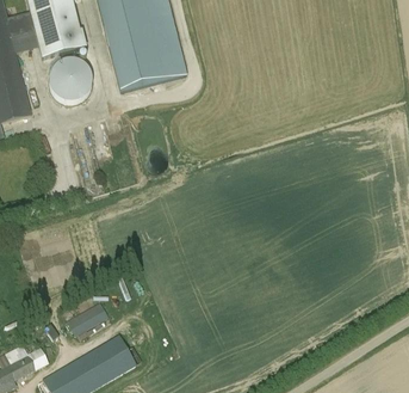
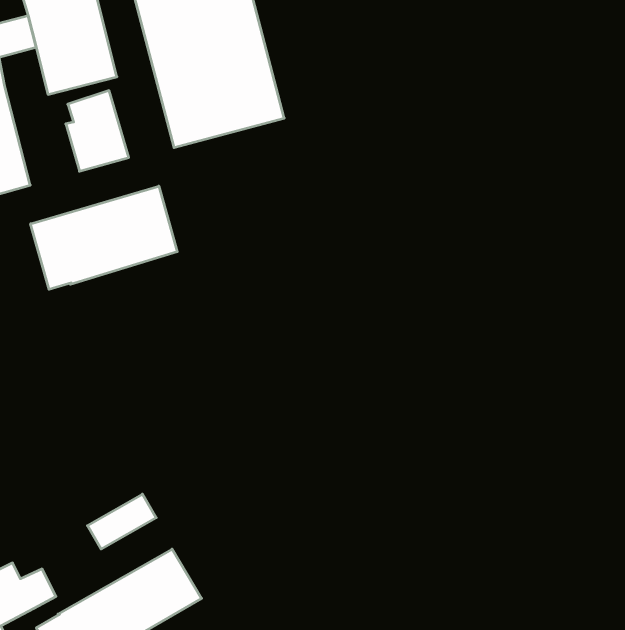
building: none -> [31,186,177,289]

